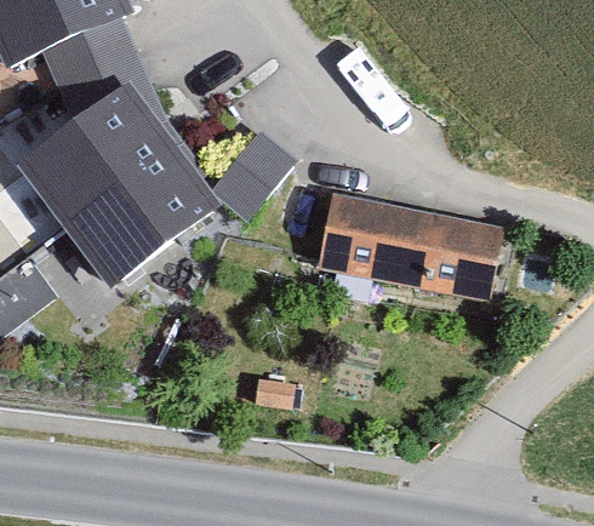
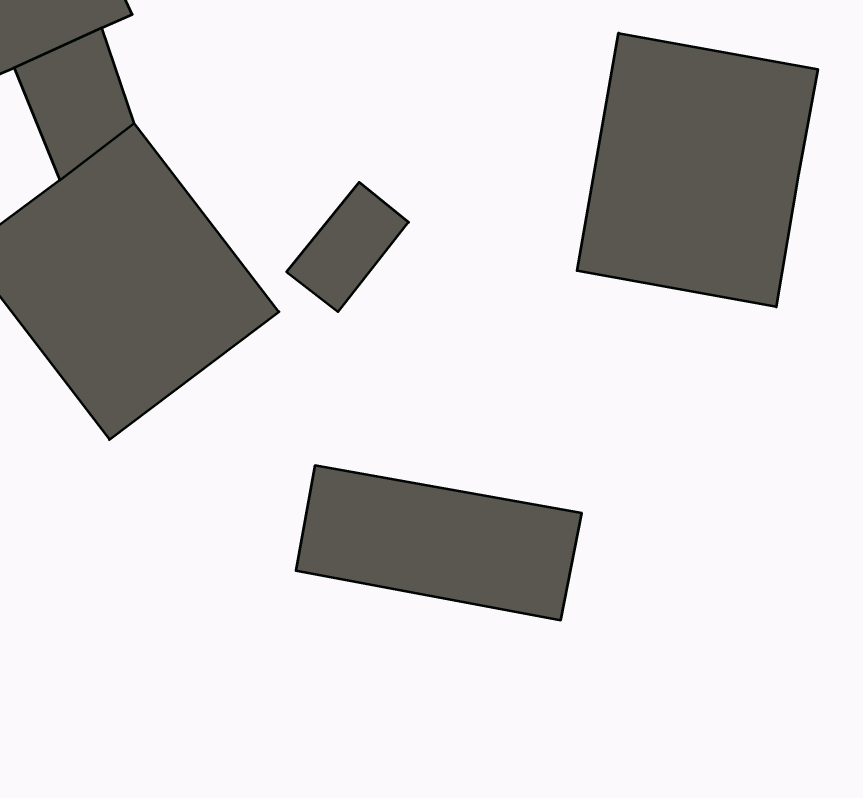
building: none -> [577,33,818,307]
building: [321,195,503,293] -> [296,466,582,620]

